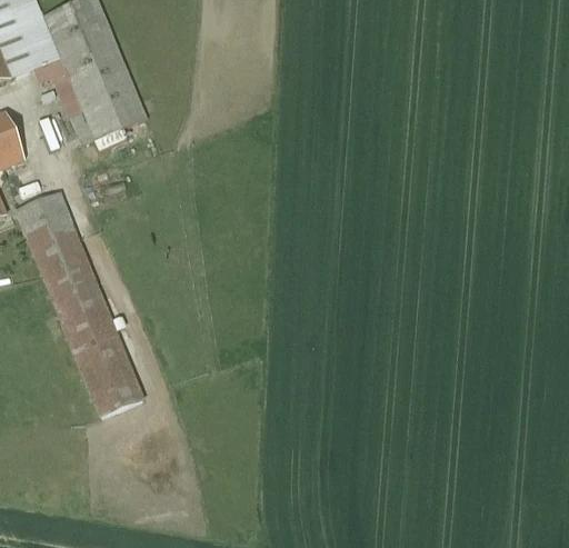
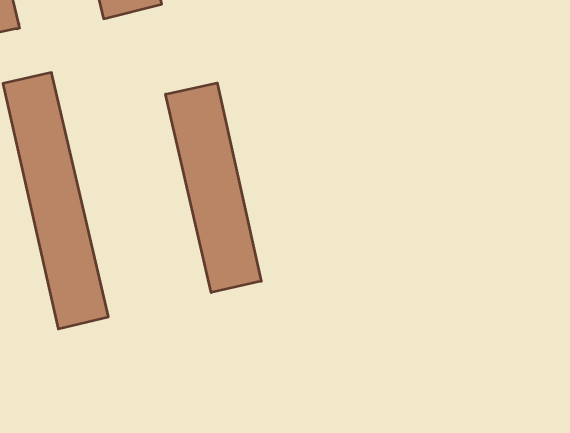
building: none -> [166,83,261,293]

